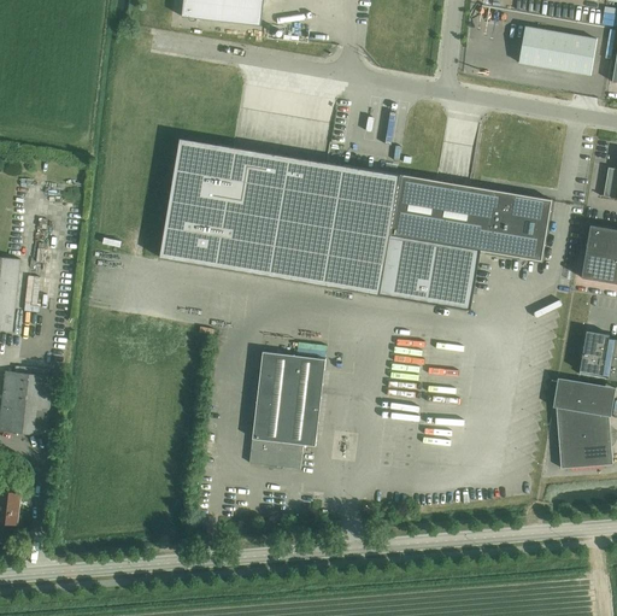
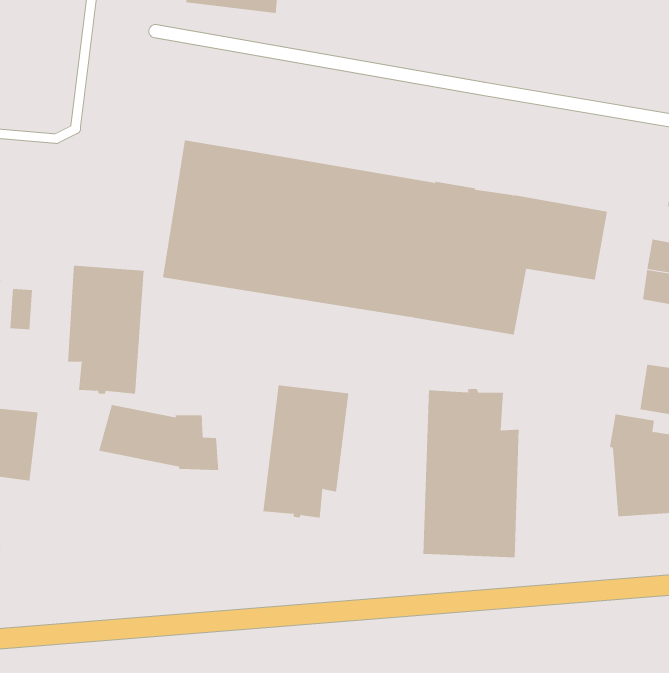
building: [518,27,598,76] -> none
building: none -> [67,265,144,395]
building: none -> [423,388,519,558]
building: none -> [98,404,219,471]

